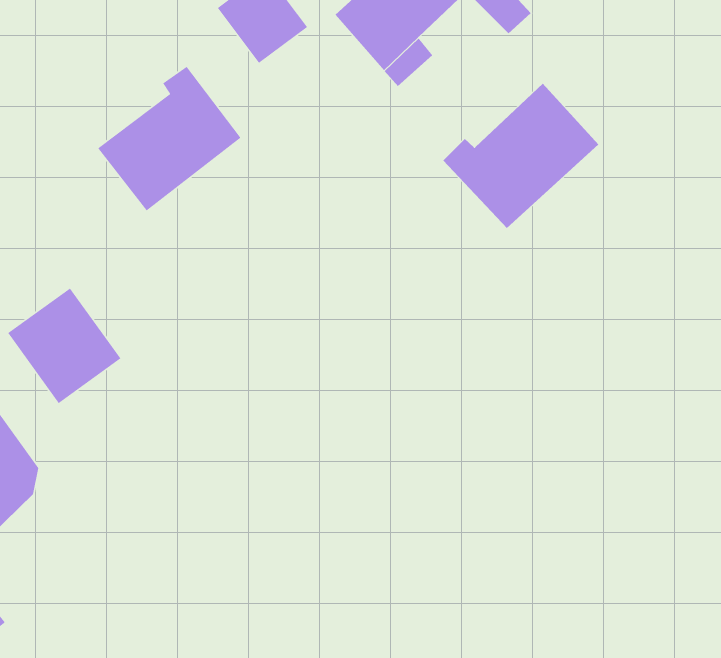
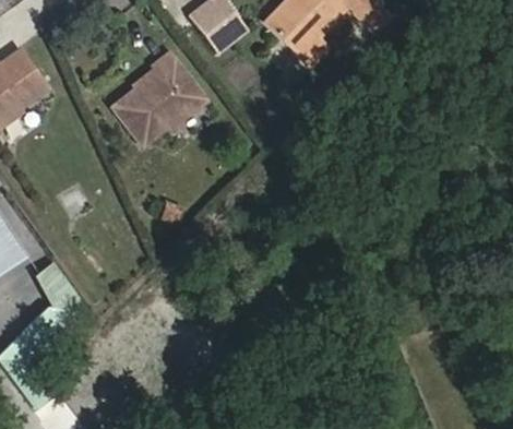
building: [442,83,599,229] -> none
building: [7,288,122,404] -> none

